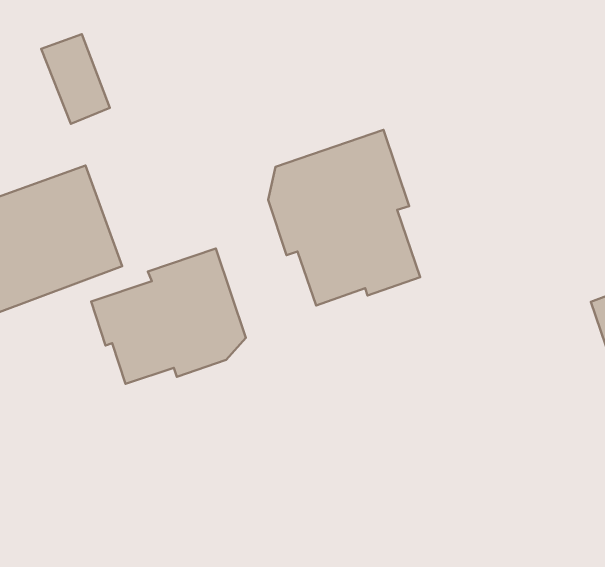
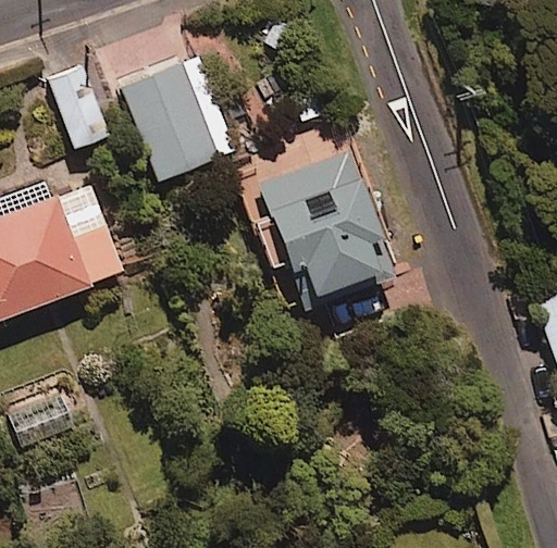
building: none -> [123,58,237,184]
building: [91,248,246,384] -> none

